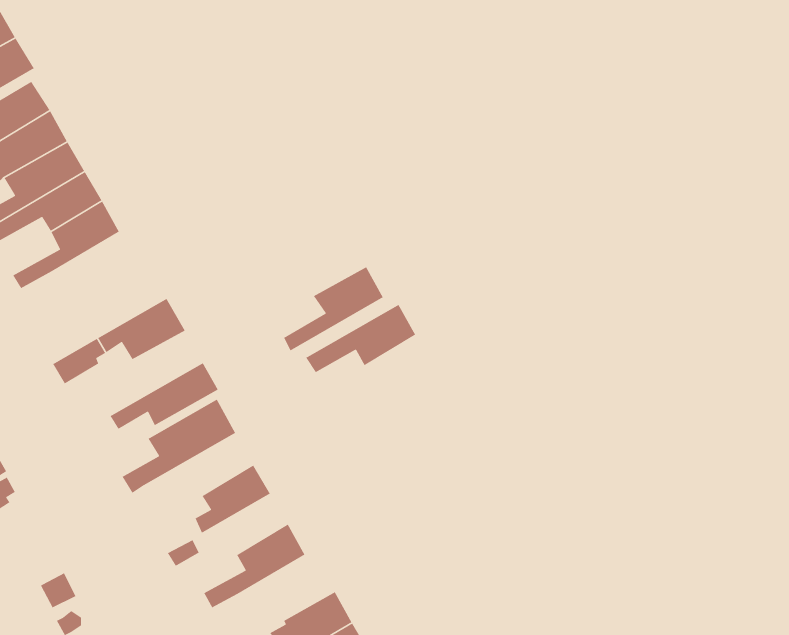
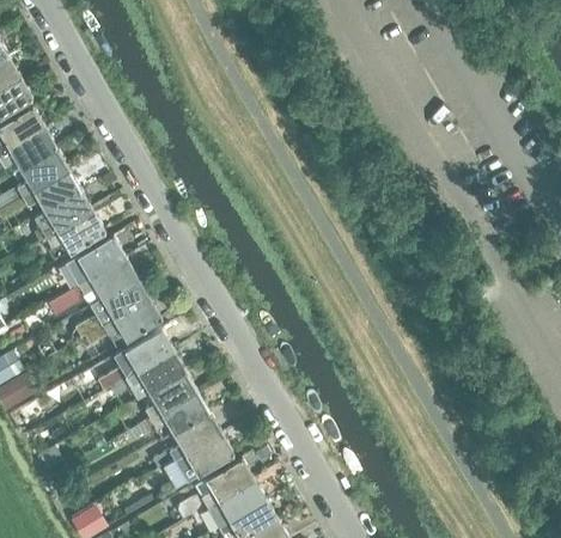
building: none -> [47,212,106,252]
building: none -> [72,234,126,285]
building: [283,266,384,351] -> [81,280,151,338]
building: [305,304,416,373] -> [109,350,185,398]
building: none -> [150,392,209,440]
building: none -> [175,434,233,482]

